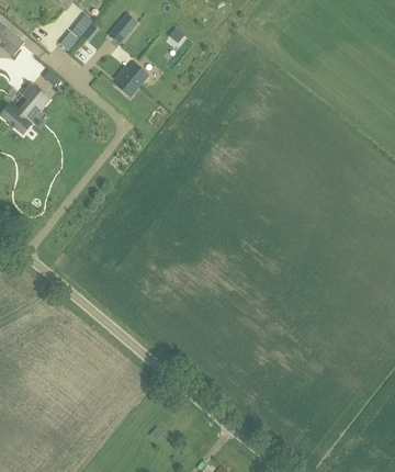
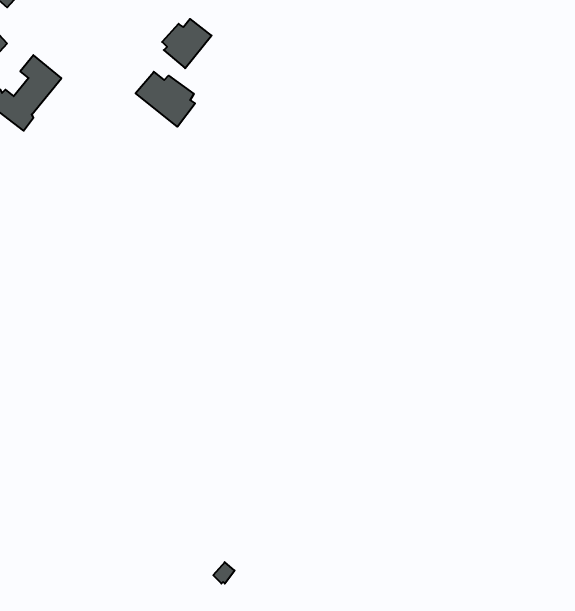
building: none -> [136,72,195,127]

